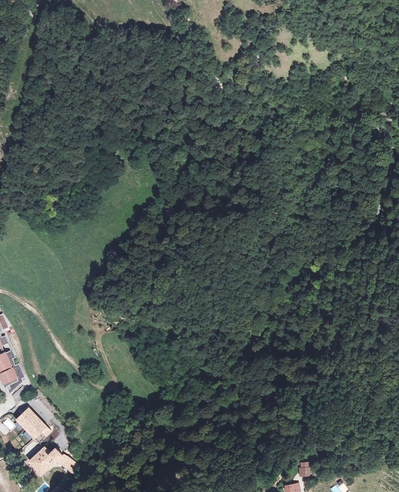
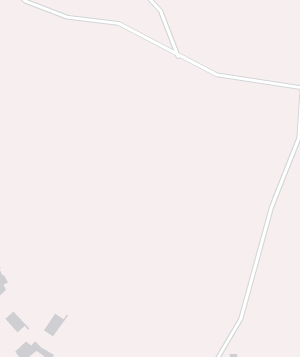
building: none -> [43,313,69,338]

